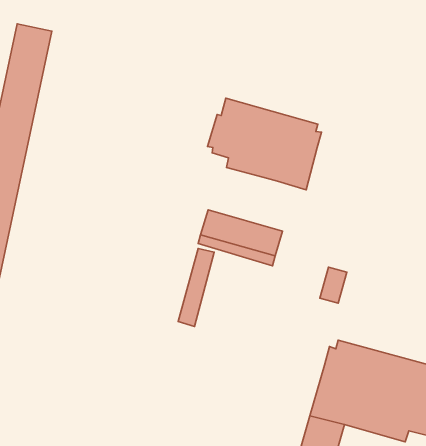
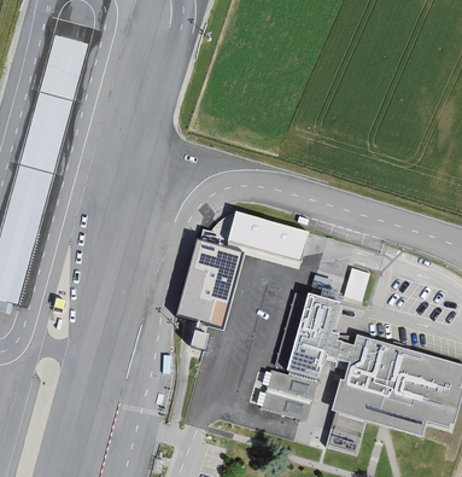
building: [207,98,321,190] -> none
building: none -> [175,238,226,324]
building: none -> [261,291,353,418]

